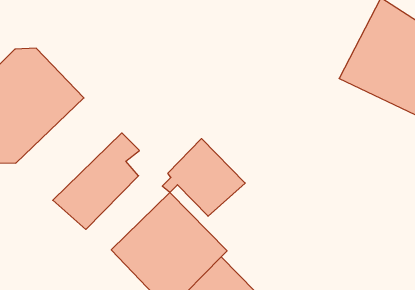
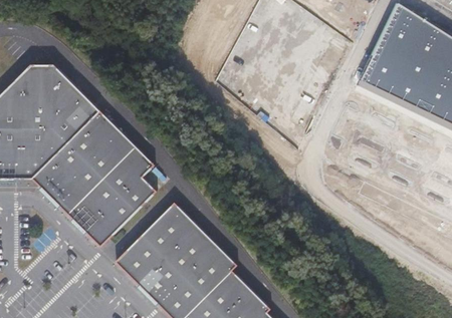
building: none -> [25,108,135,214]
building: [162,139,245,216] -> none

